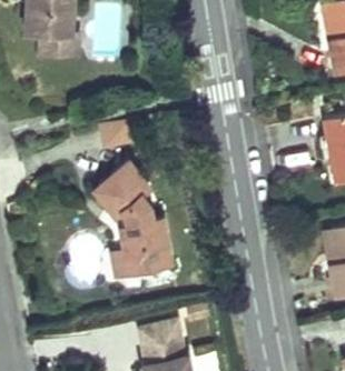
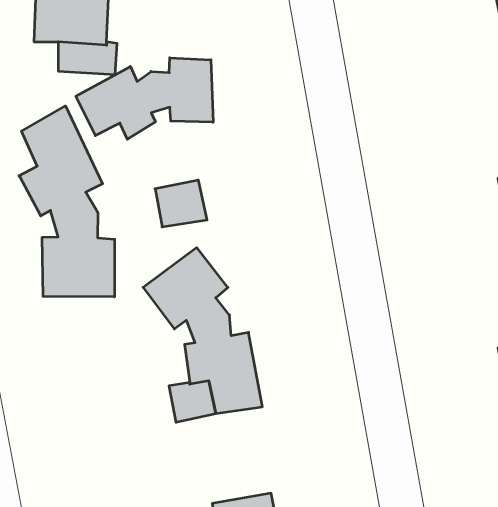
building: none -> [76,58,213,139]
building: none -> [19,106,115,297]

